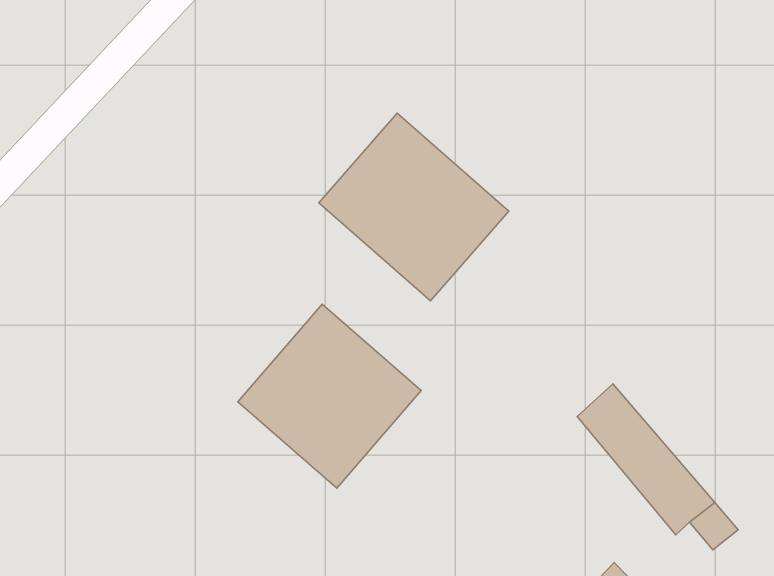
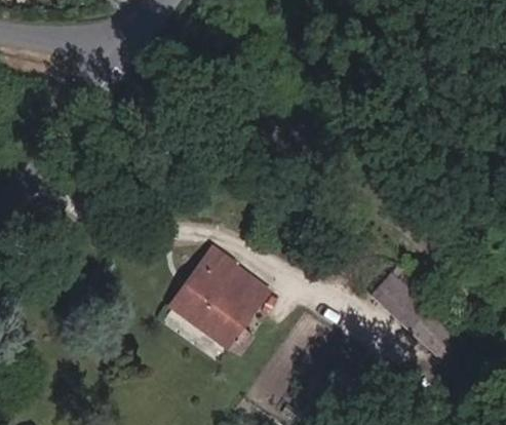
building: [319,113,509,301] -> none

